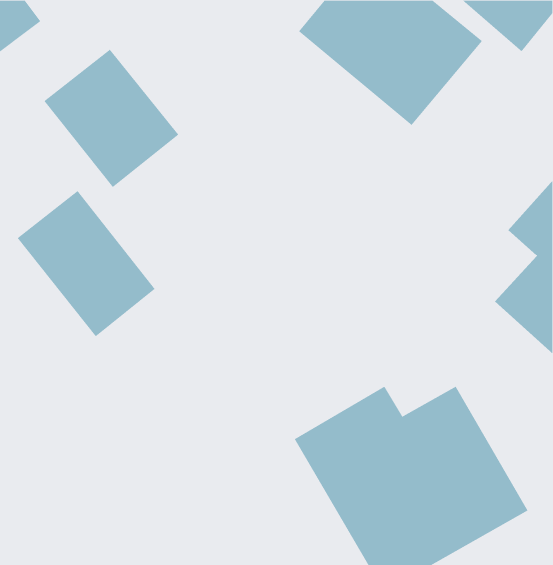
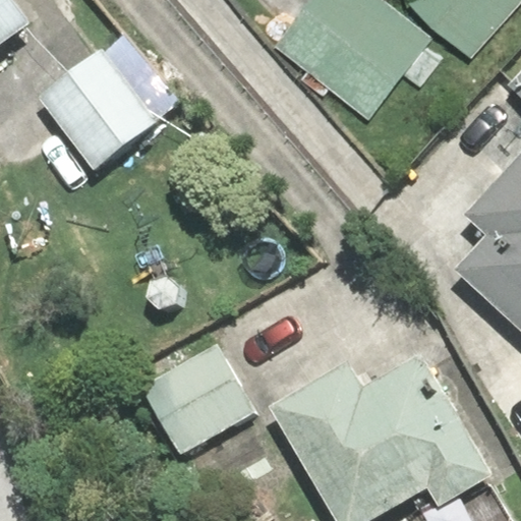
building: [17,190,155,337] -> none
building: none -> [138,339,258,456]

